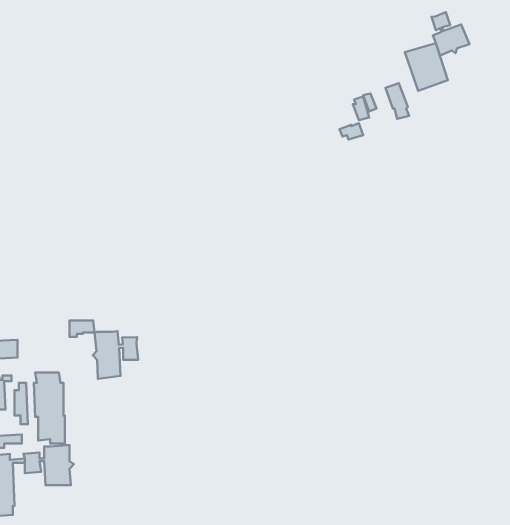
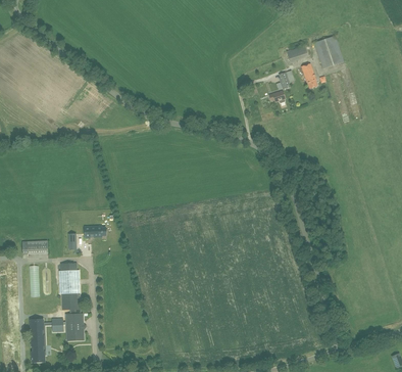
building: [432,12,469,56] -> none
building: [93,331,138,379] -> none

